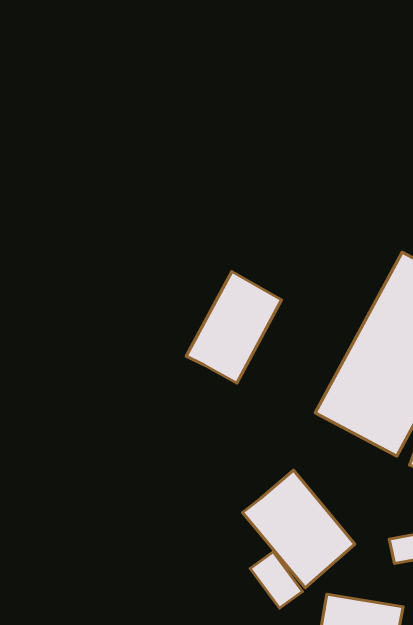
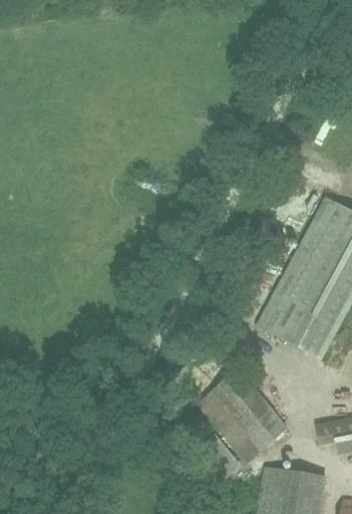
building: [186,271,281,383] -> none

